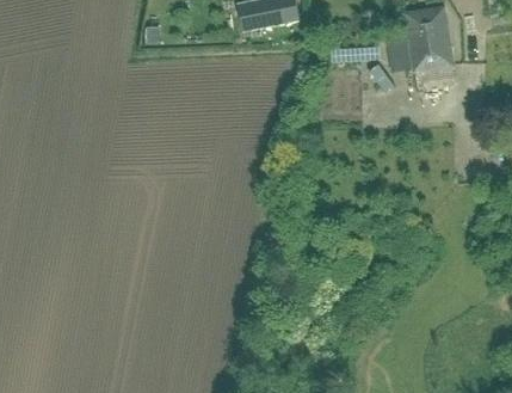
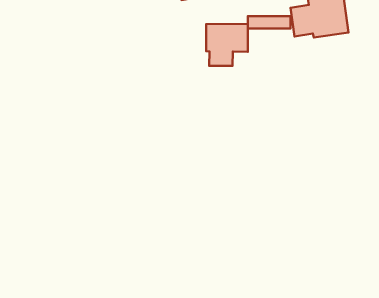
building: none -> [206,24,248,66]

